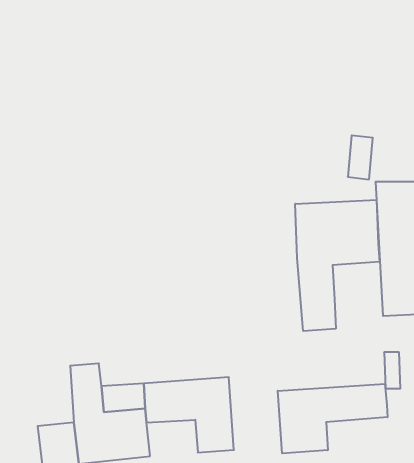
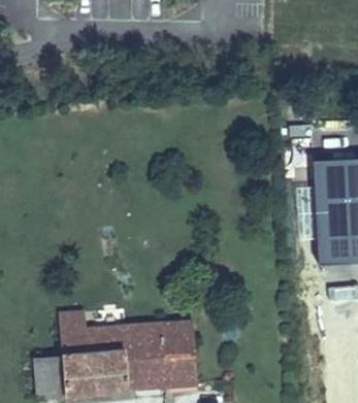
building: [295,200,379,331] -> none
building: [278,384,387,453] -> none
building: none -> [123,356,165,385]

